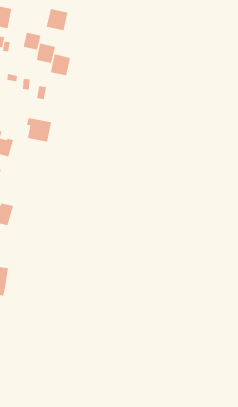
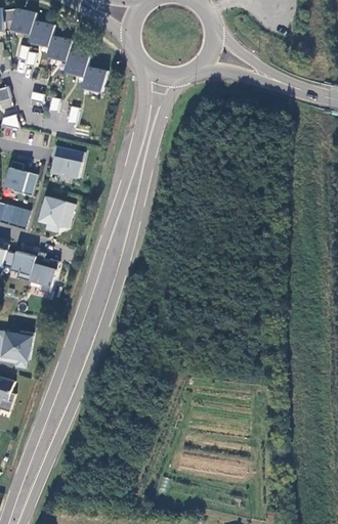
building: [46,8,68,31] -> [28,21,55,49]
building: none -> [40,194,74,229]
building: none -> [30,251,58,292]

